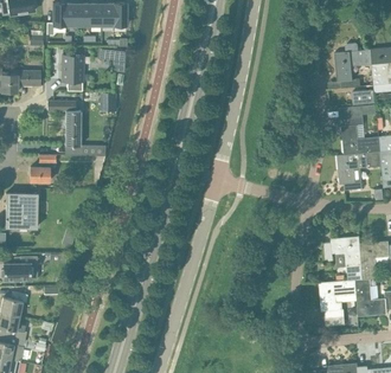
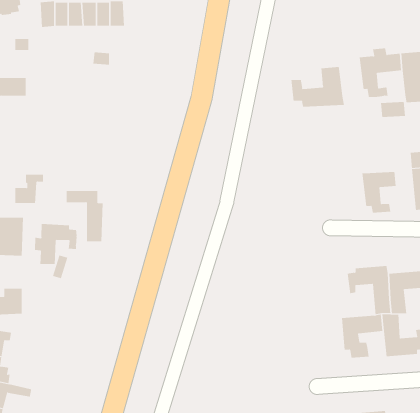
building: [62,56,83,82] -> none
building: none -> [291,66,345,108]
building: [47,101,81,146] -> [66,191,104,242]
building: [340,117,379,154] -> none
building: none -> [34,223,77,265]

